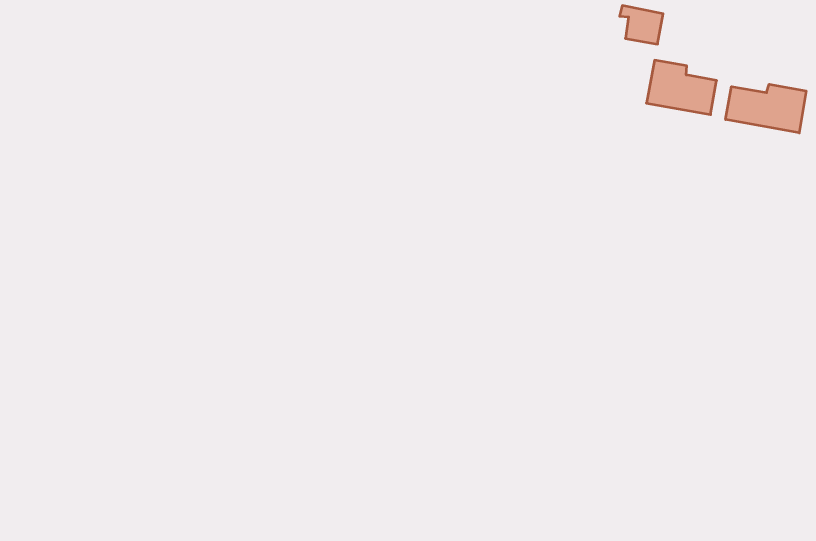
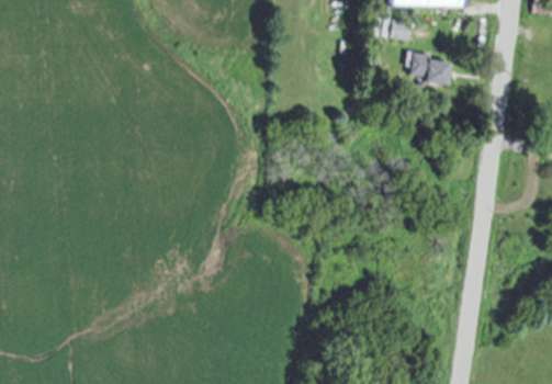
building: [726,84,806,133] -> none

